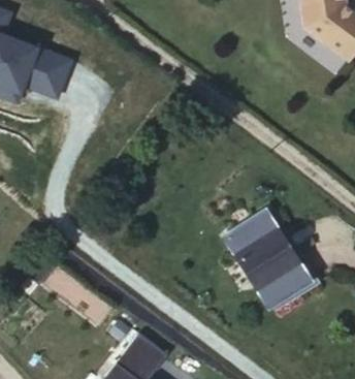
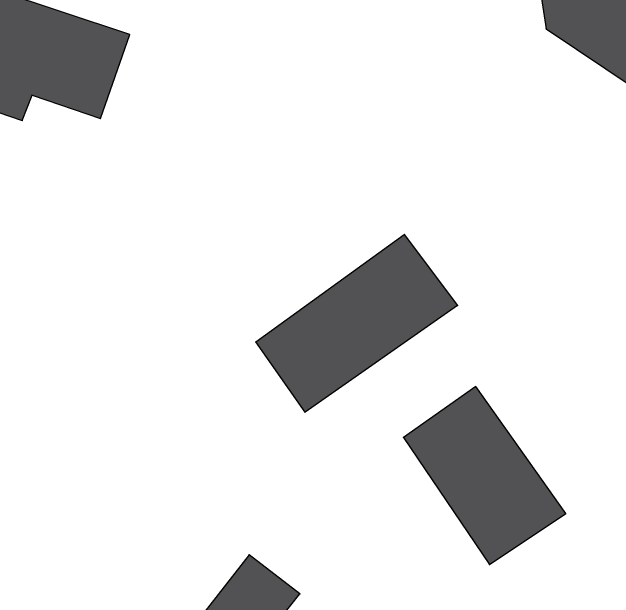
building: none -> [256,234,458,412]

